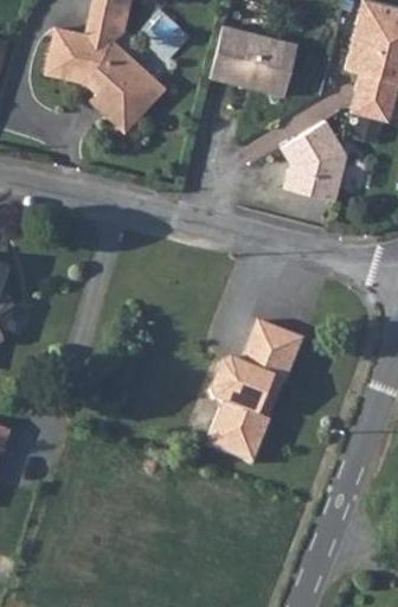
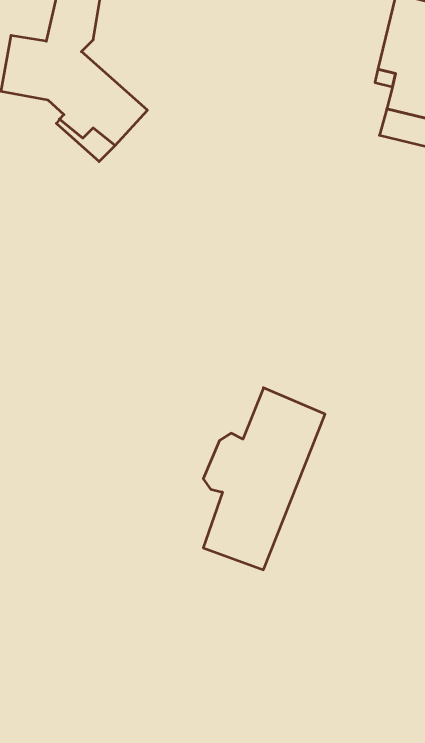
building: [210,23,297,94] -> none
building: [280,119,345,199] -> none

